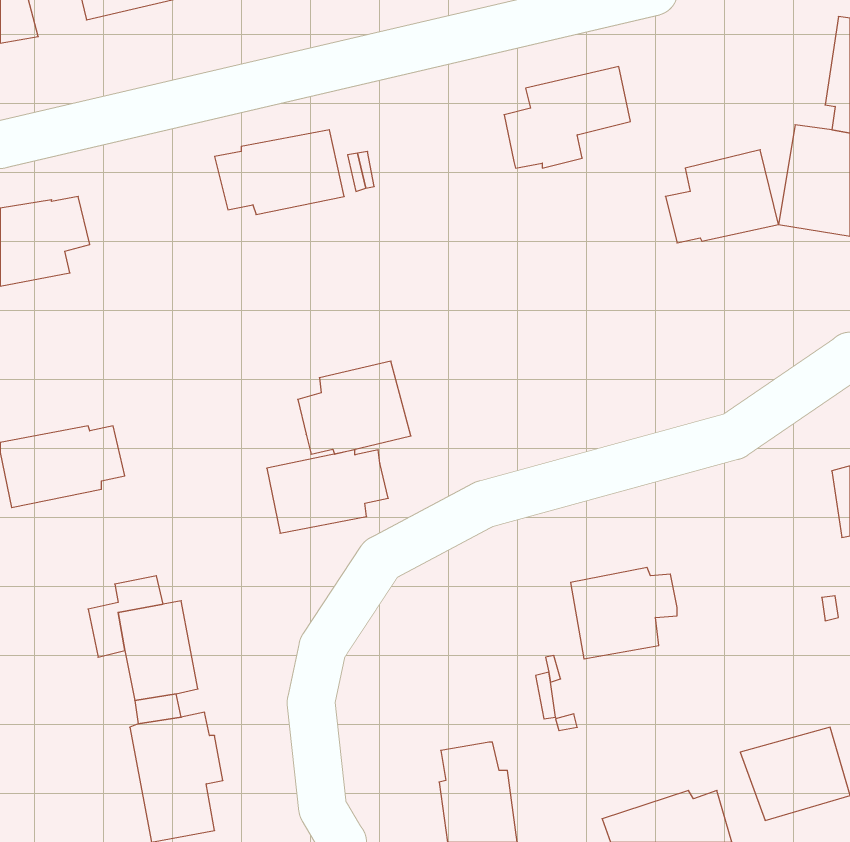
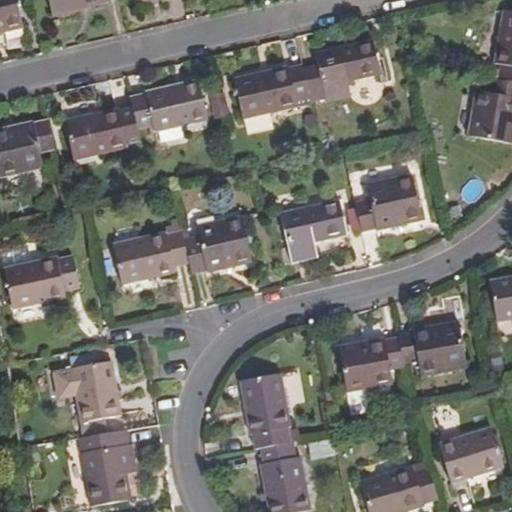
building: none -> [233,65,309,118]
building: [665,150,778,243] -> [351,178,419,234]
building: none -> [64,106,139,158]
building: none -> [276,202,342,264]
building: [267,450,388,533] -> [111,232,184,282]
building: none -> [402,326,470,379]
building: none -> [246,375,295,453]

